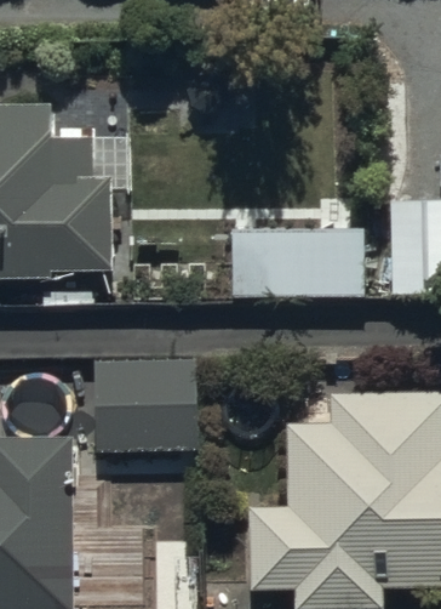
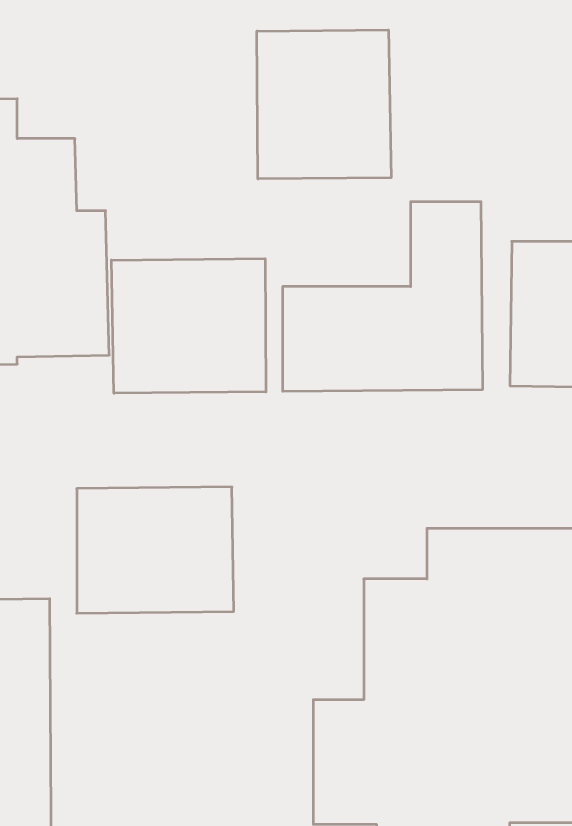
building: none -> [257,30,391,179]
building: none -> [111,259,266,393]

